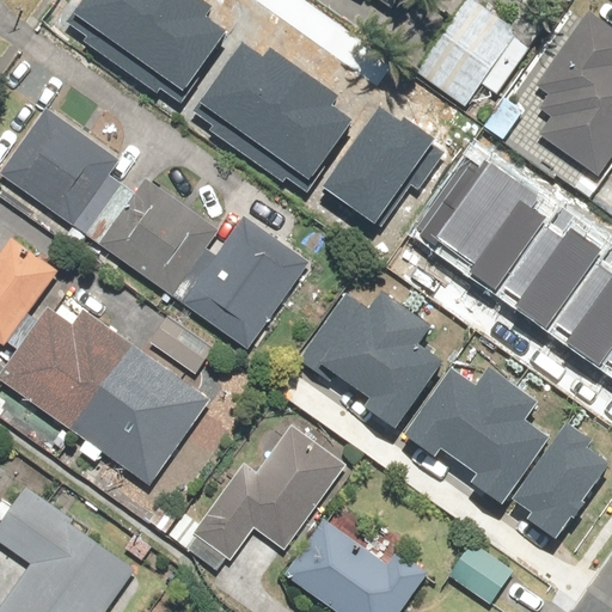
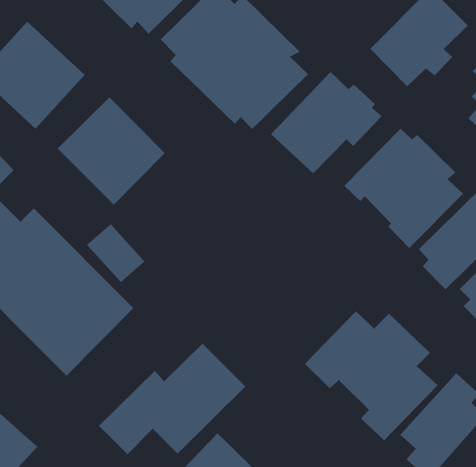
building: [182,218,308,350] -> none
building: [302,282,451,422] -> none

